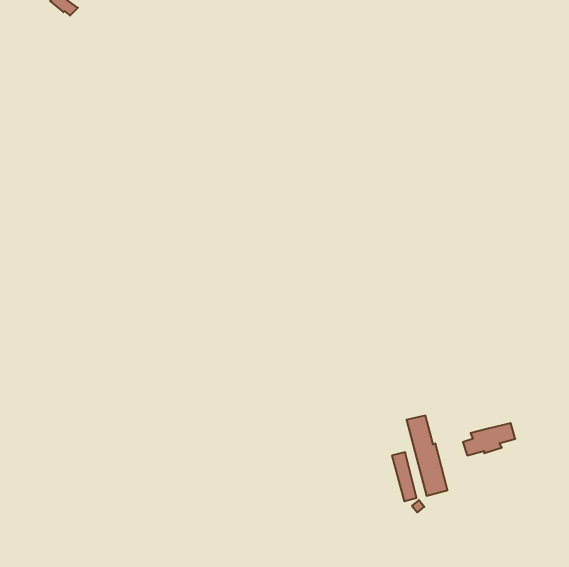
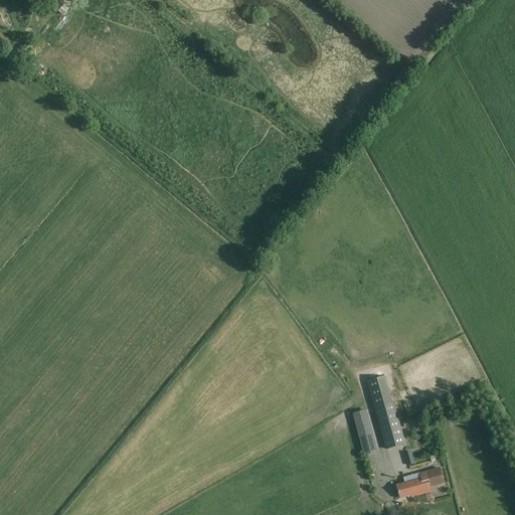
building: [463,423,515,455] -> [396,467,444,496]

